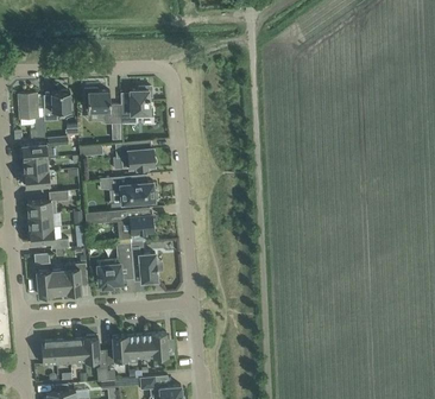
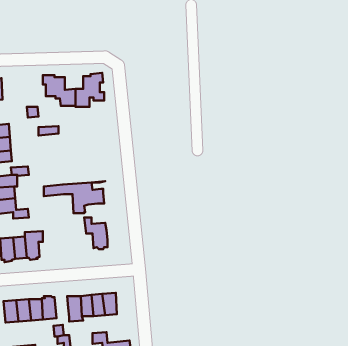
building: [43,89,69,120] -> none
building: [113,141,153,167] -> none
building: [97,175,157,207] -> none
building: [95,242,132,287] -> none

